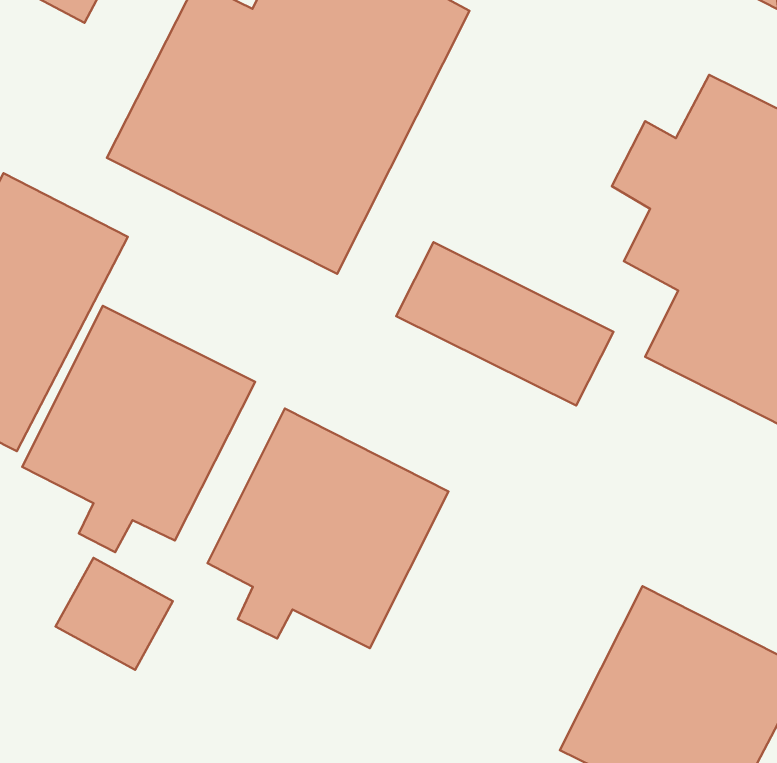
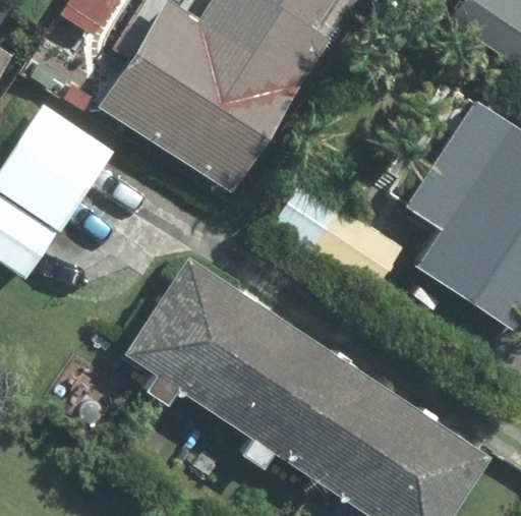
building: [22,306,255,552] -> none
building: none -> [230,329,398,492]

